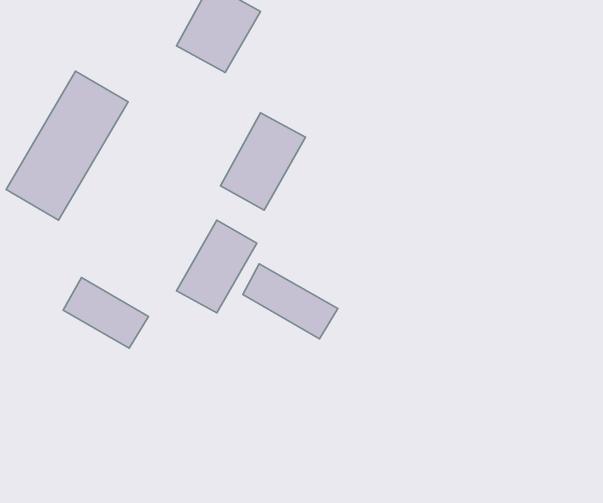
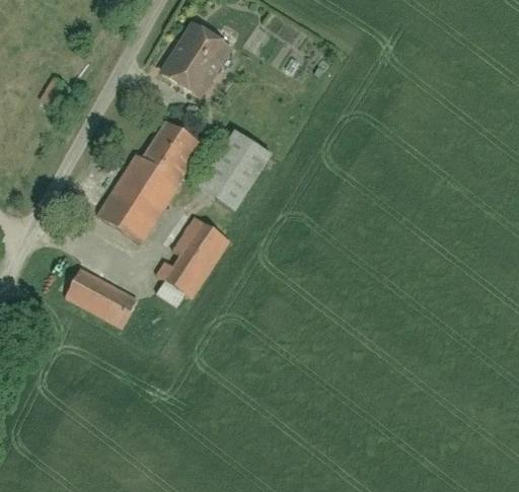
building: [6,71,128,220] -> [99,118,201,241]
building: [243,264,338,339] -> none

